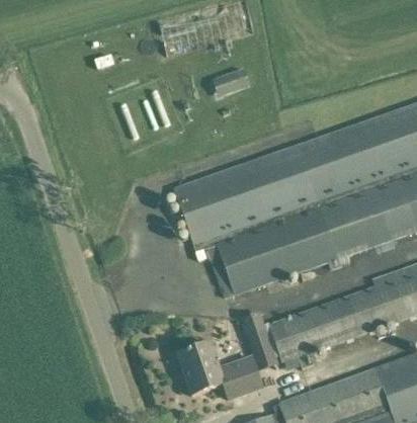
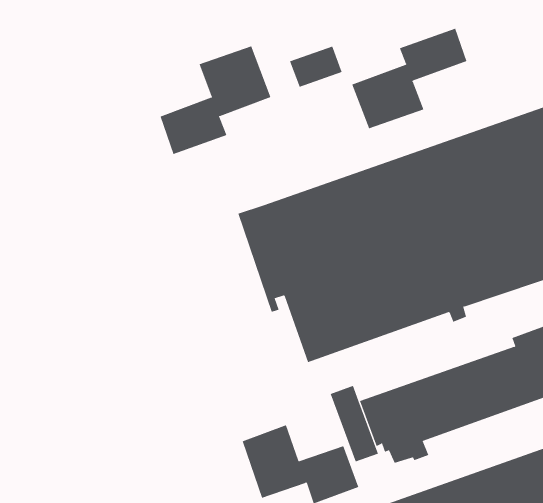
building: none -> [351,28,467,129]
building: none -> [160,46,271,155]

